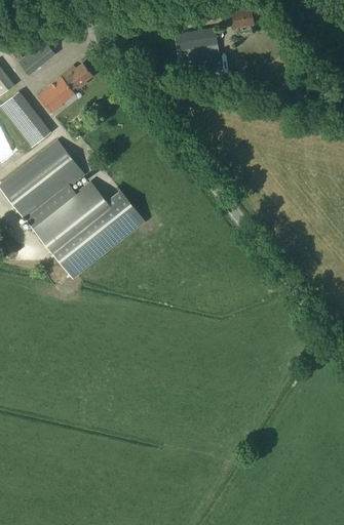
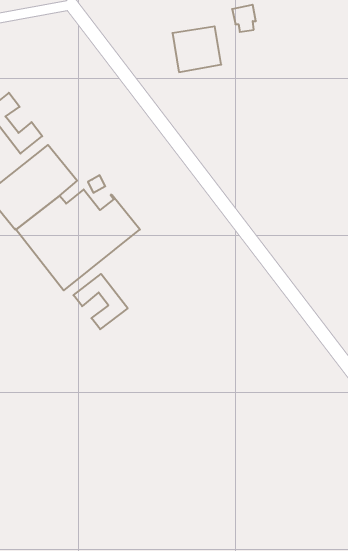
building: [20,41,56,75] -> none
building: [38,62,93,112] -> none
building: none -> [73,274,128,329]

